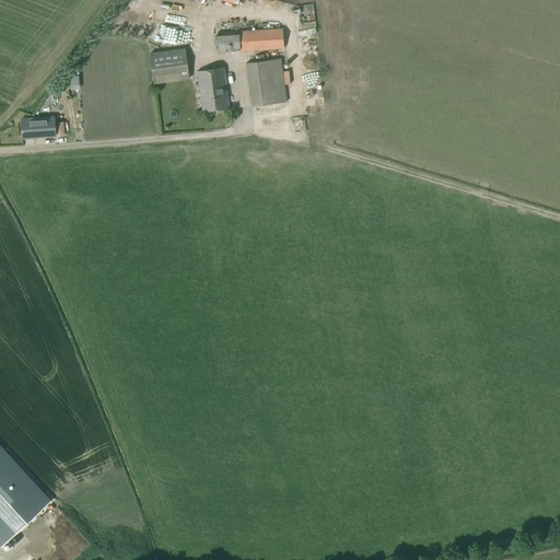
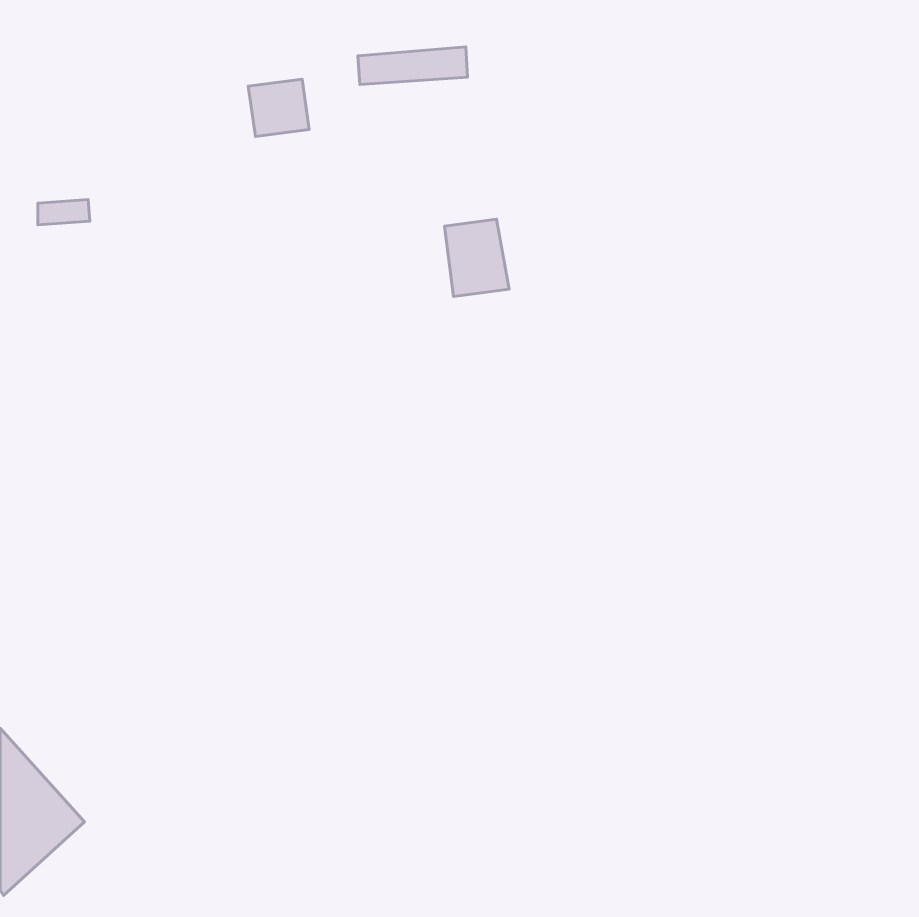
building: [247,59,287,106] -> [444,219,509,296]
building: [198,68,229,110] -> none

